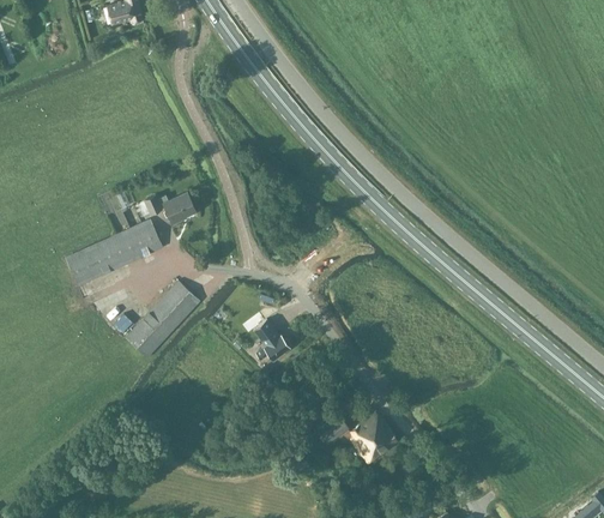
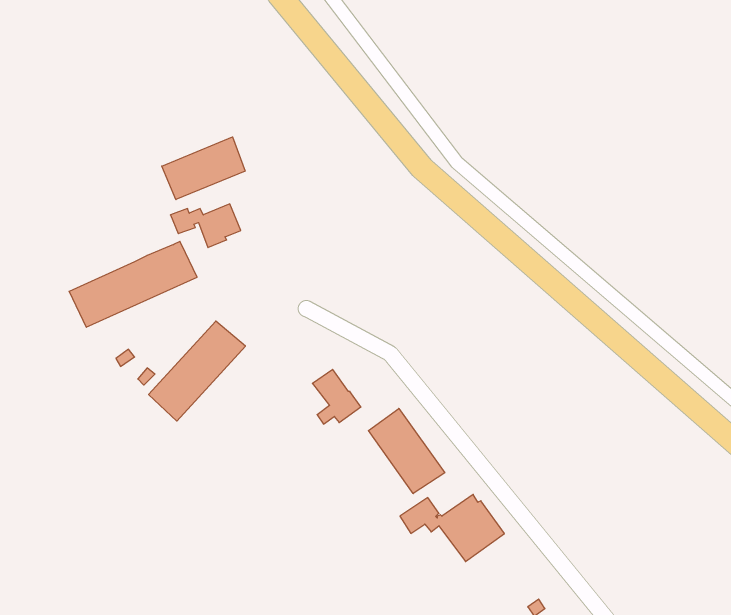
building: none -> [162,137,245,200]
building: none -> [368,408,445,494]

